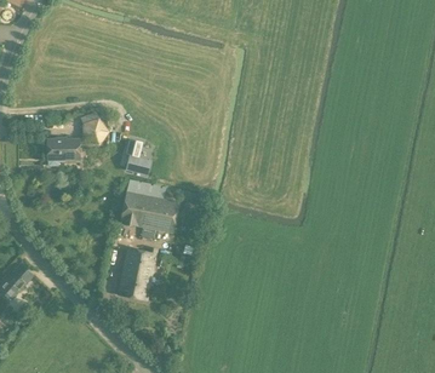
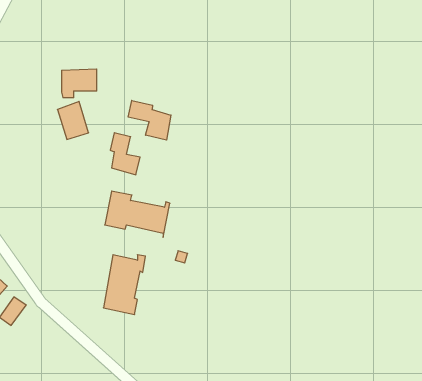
building: none -> [128,100,171,140]
building: [48,139,80,165] -> [62,69,97,98]

